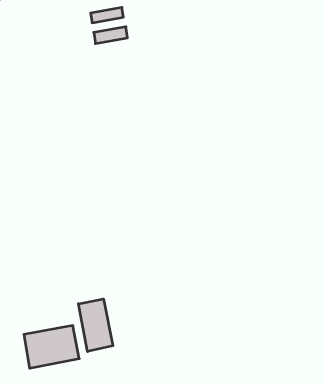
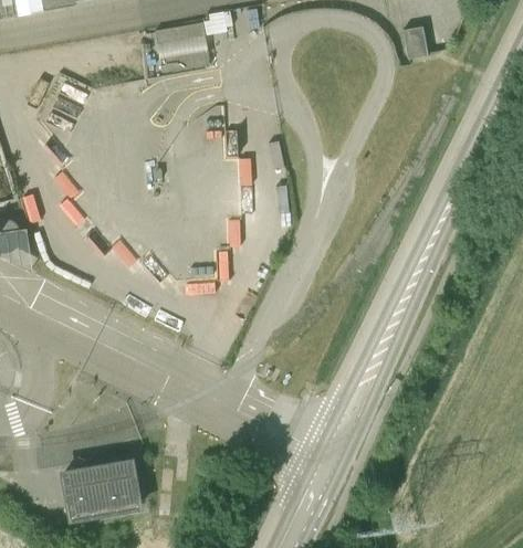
building: none -> [404,23,429,56]
building: [78,299,113,352] -> none

